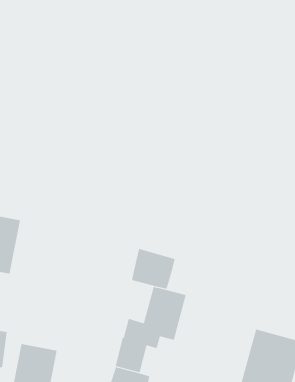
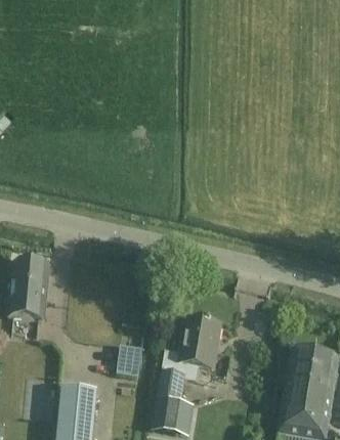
building: [131,248,175,289] -> none
building: none -> [117,344,142,373]

